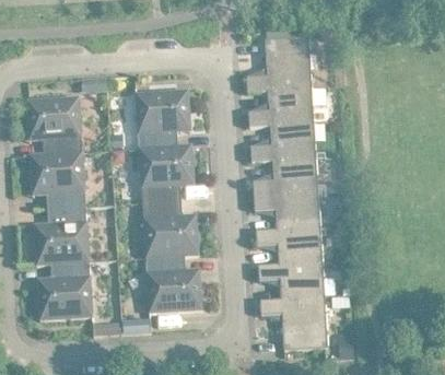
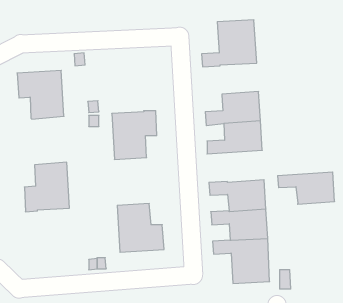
building: [248,85,326,126] -> none
building: [136,89,189,147] -> none
building: [30,150,85,208] -> none
building: [253,190,320,228] -> [278,172,335,204]
building: [142,199,198,256] -> none
building: [38,259,92,318] -> none

